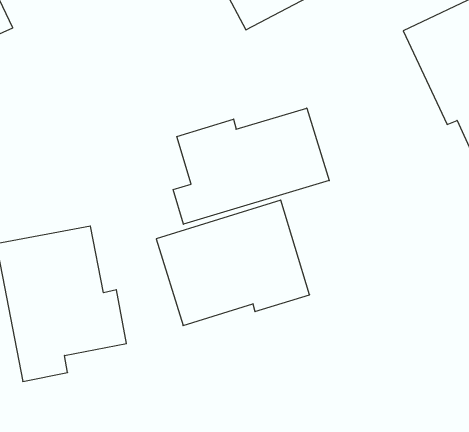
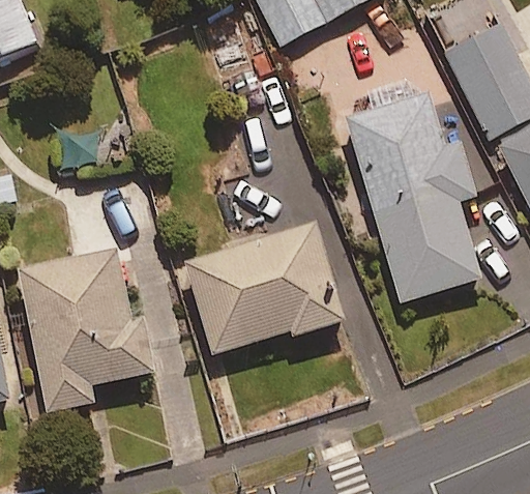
building: none -> [347,94,481,301]
building: [173,108,329,224] -> none

